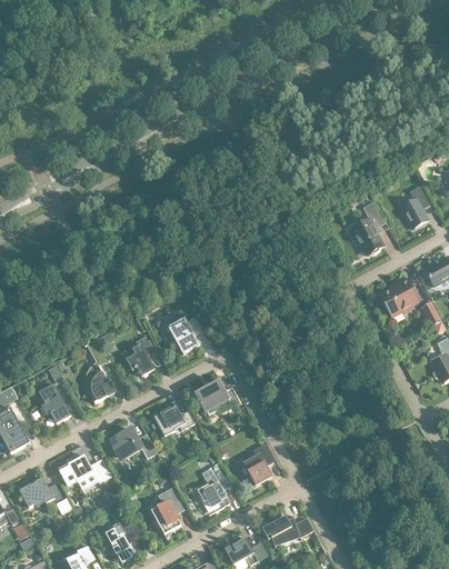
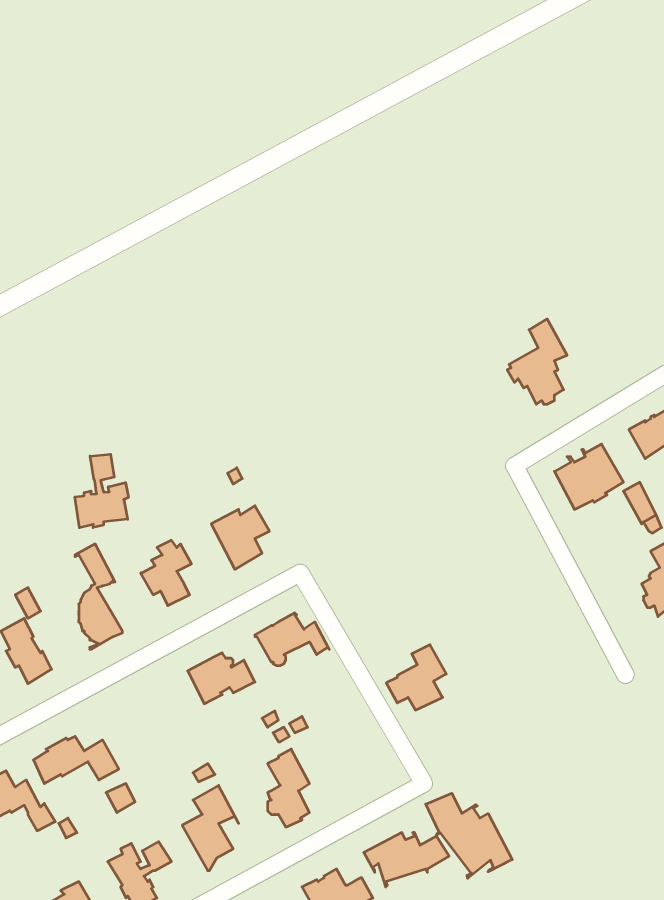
building: [400,186,429,228] -> none
building: none -> [75,454,128,528]
building: [108,428,157,458] -> none
building: [237,443,273,483] -> [386,645,446,710]
building: none -> [426,793,512,878]

